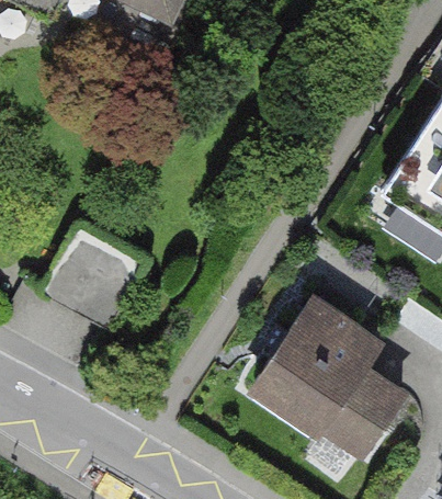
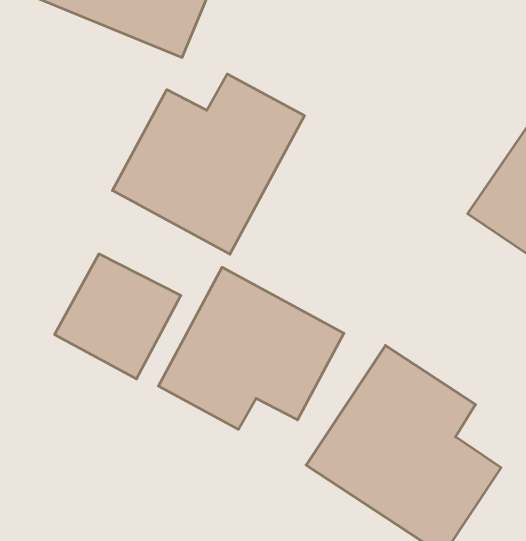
building: none -> [112,74,304,254]
building: none -> [158,267,344,429]

